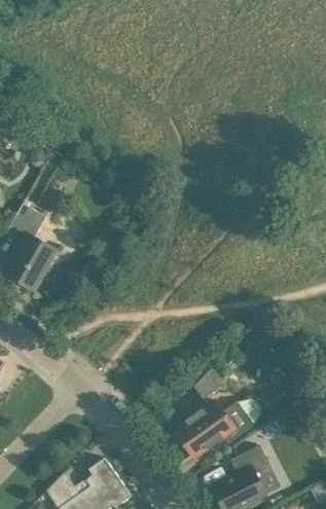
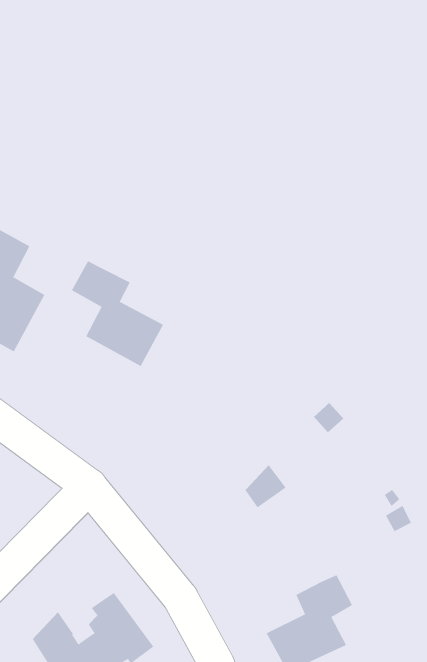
building: none -> [71,260,164,367]
building: [174,400,252,458] -> none

